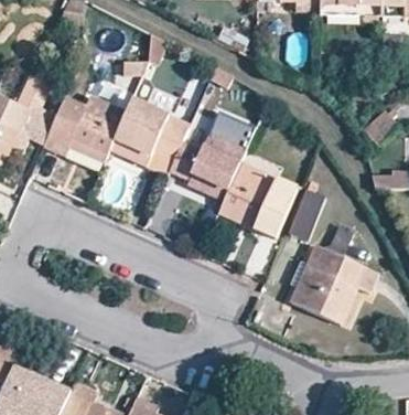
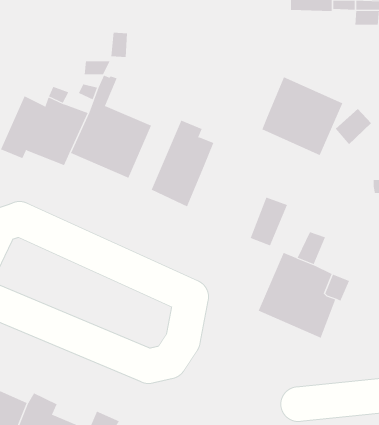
building: [218,162,297,238] -> [261,77,343,156]

